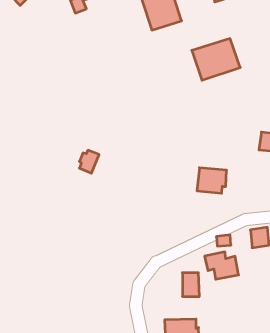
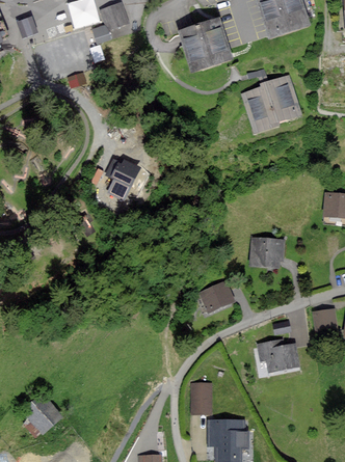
building: [79,150,99,173] -> [113,161,137,189]
building: none -> [197,280,233,312]
building: [182,273,199,296] -> [191,385,212,414]
building: none -> [23,396,60,433]

